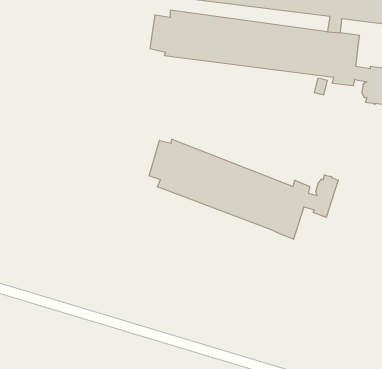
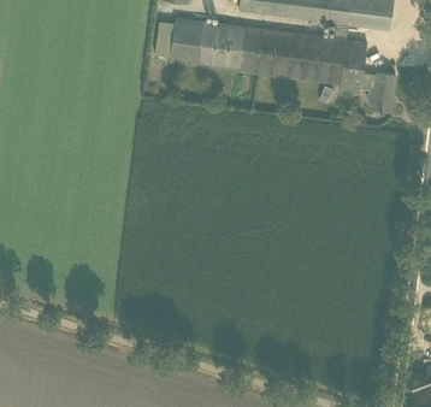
building: [149,139,338,239] -> none

